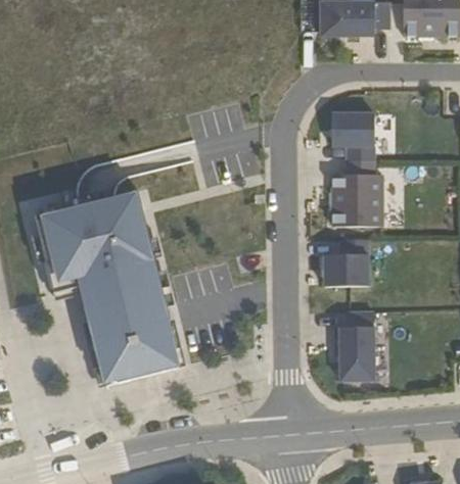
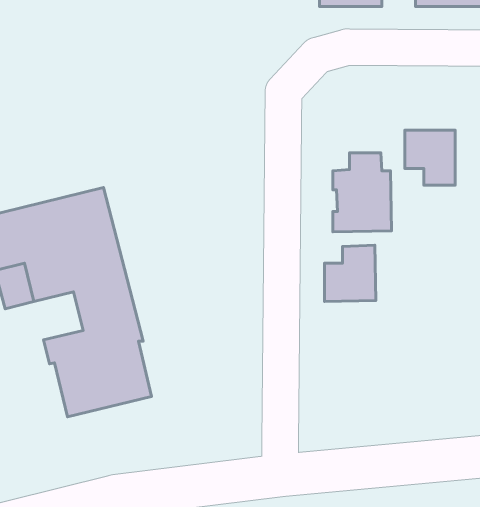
building: [330,112,373,159] -> [405,130,455,185]
building: [78,278,120,319] -> none
building: [339,311,375,380] -> none

